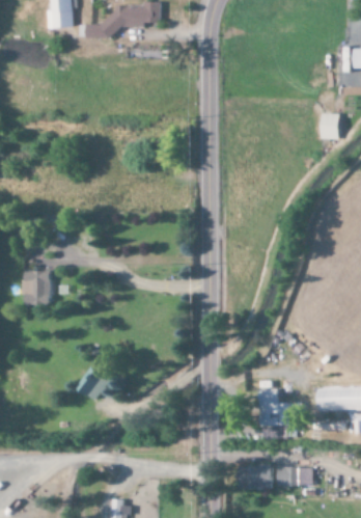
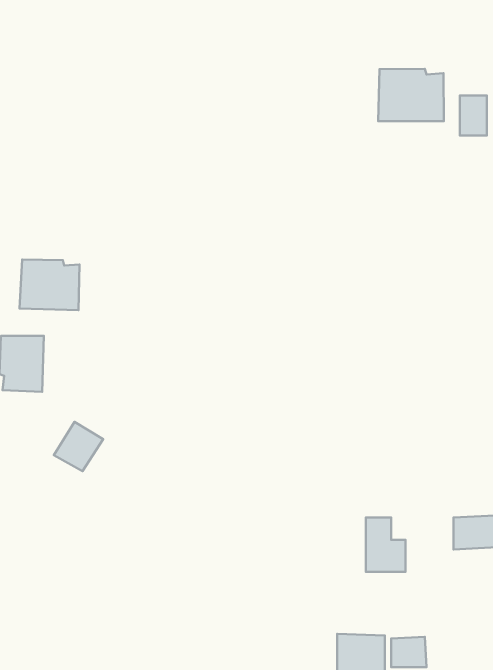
building: none -> [378,69,444,121]
building: none -> [20,259,79,310]
building: [77,366,109,399] -> [54,422,103,471]

